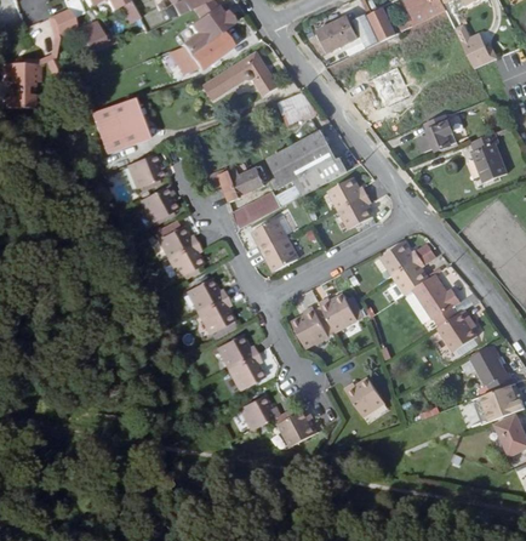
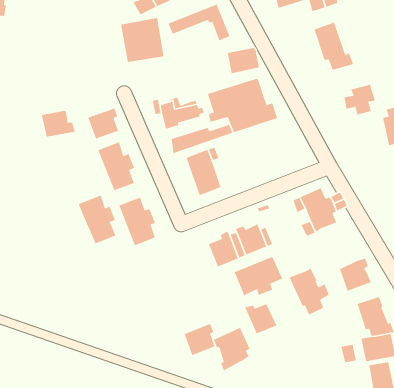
building: [90,96,144,152] -> [120,17,165,63]
building: [127,156,168,190] -> [41,110,76,137]
building: [324,177,370,233] -> none
building: [416,270,464,324] -> [288,267,330,316]
building: none -> [234,256,283,296]
building: [218,335,267,391] -> [77,195,116,244]
building: [241,394,282,431] -> none
building: none -> [213,327,250,372]

